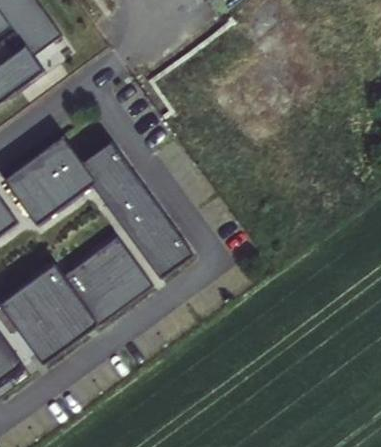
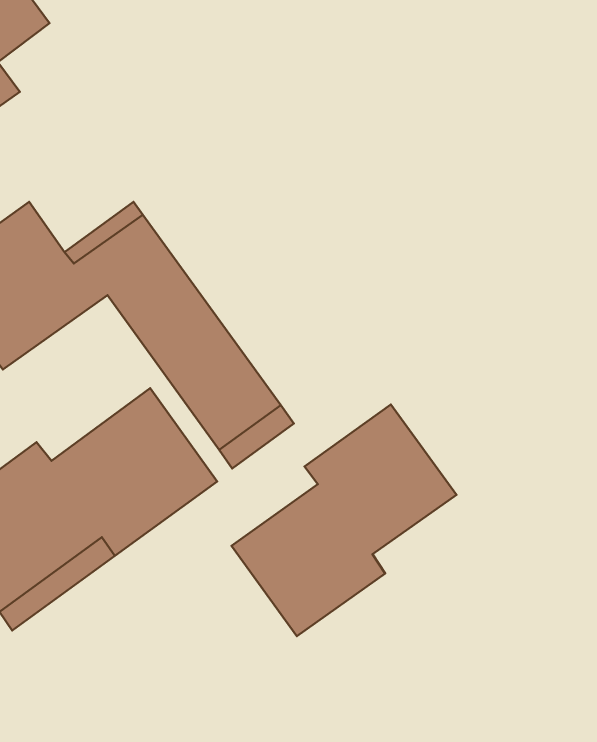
building: none -> [231,405,456,636]

